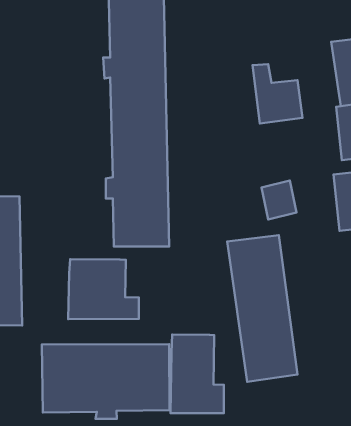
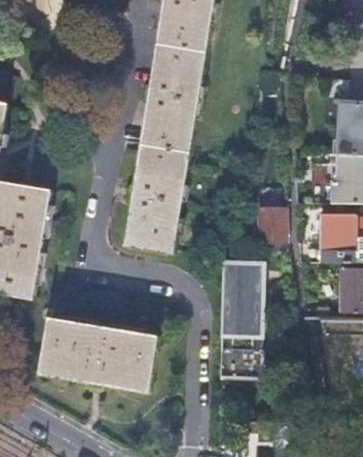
building: [253,64,302,124] -> none
building: [68,259,139,319] -> none
building: [171,334,224,413] -> none

